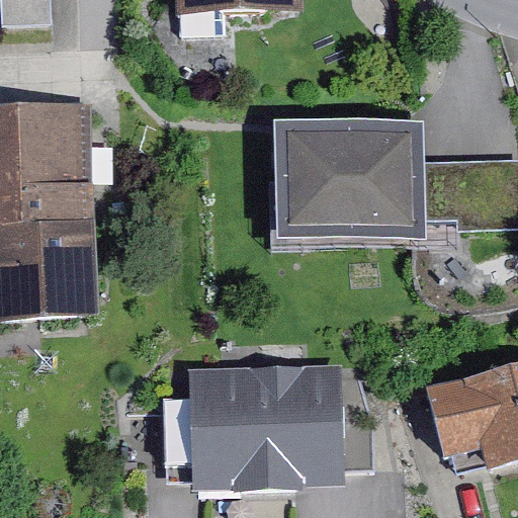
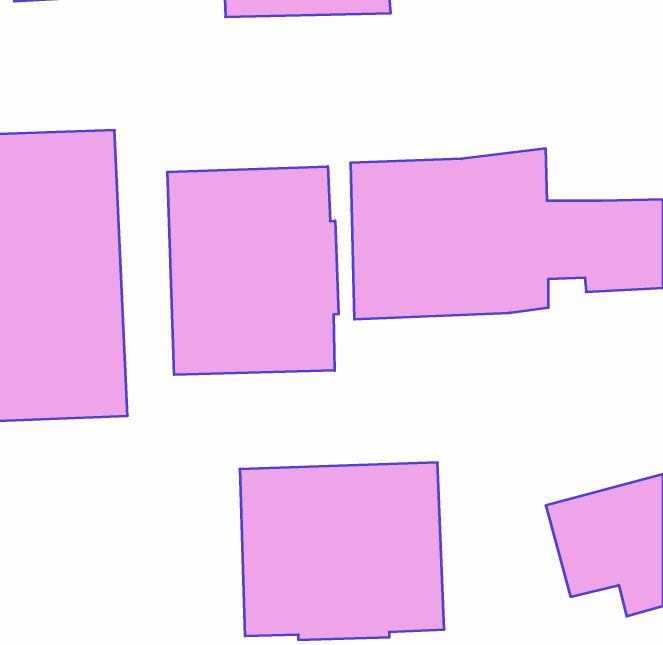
building: none -> [167,166,339,375]

